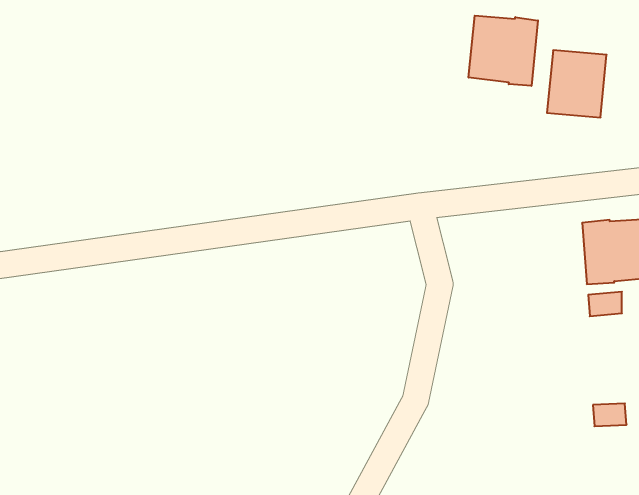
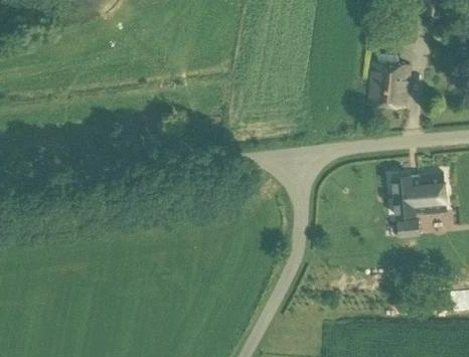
building: [469,16,538,86] -> none

